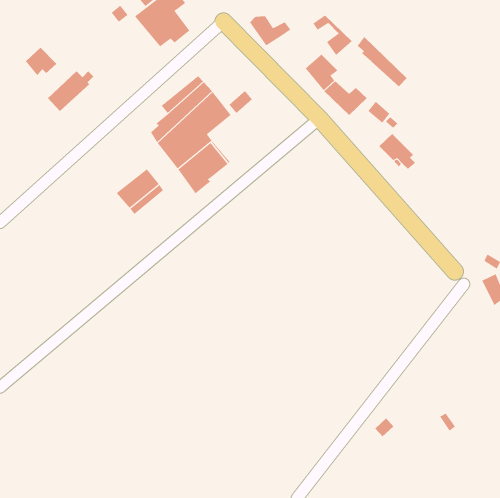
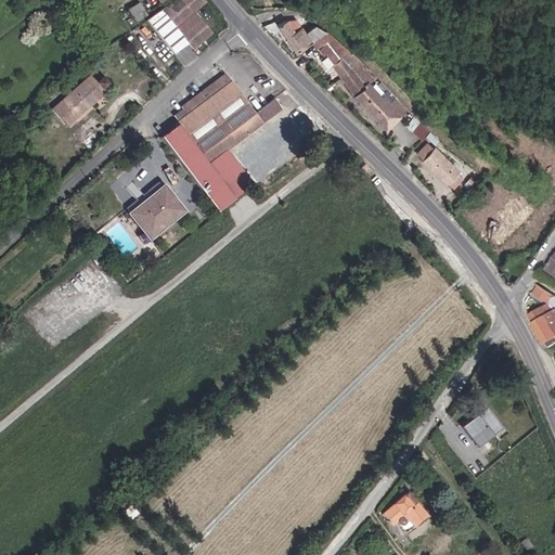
building: [312,15,353,56] -> [312,30,357,76]
building: [357,36,408,87] -> none
building: [25,47,57,76] -> none
building: none -> [462,405,502,444]
building: none -> [384,490,428,531]

